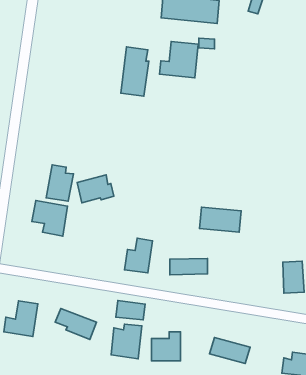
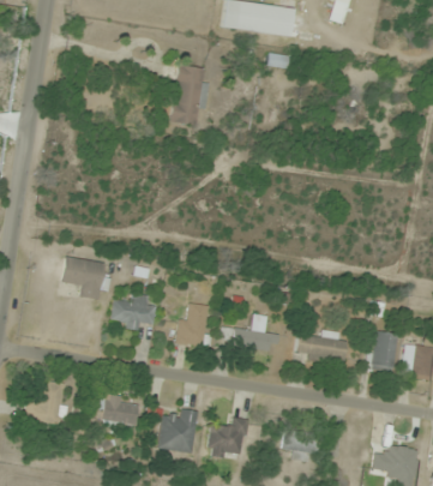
building: [160,41,198,78] -> none
building: [46,165,73,201] -> none
building: [77,175,114,203] -> [112,294,157,329]
building: [200,207,241,232] -> [297,332,349,364]
building: [116,301,145,320] -> none

